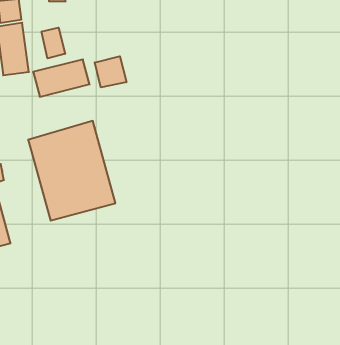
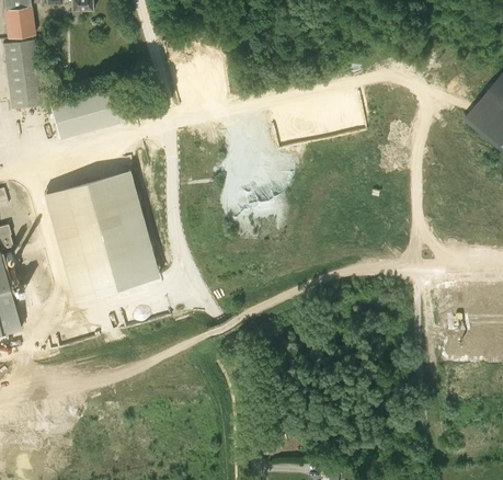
building: [42,28,65,58] -> none
building: [95,56,126,87] -> none

